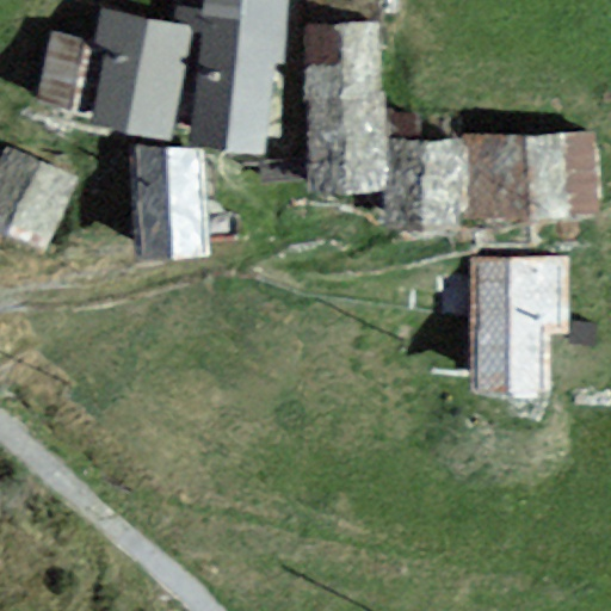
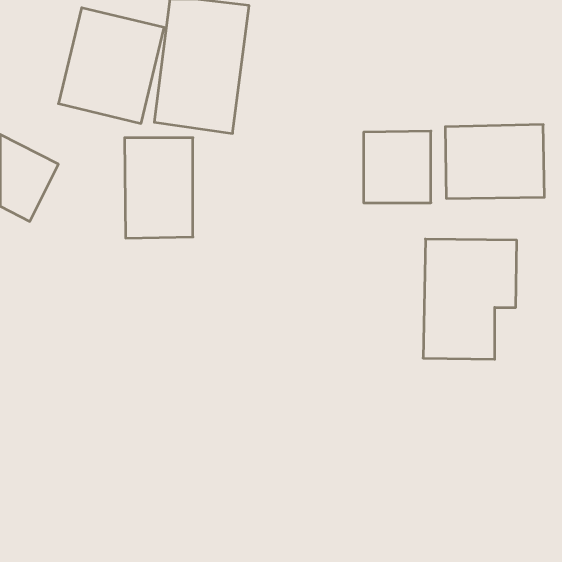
building: [308,21,385,185] -> none

